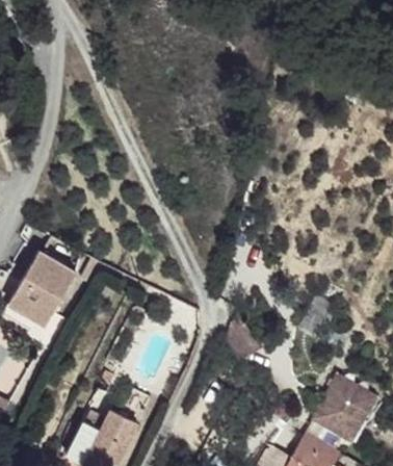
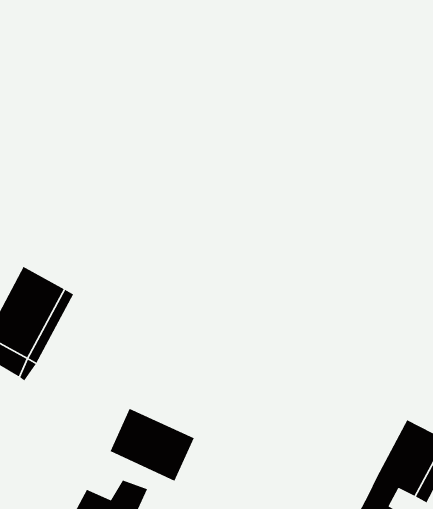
building: none -> [109,408,195,482]

